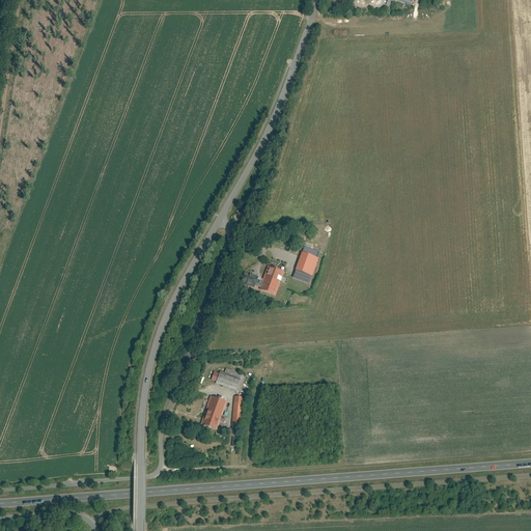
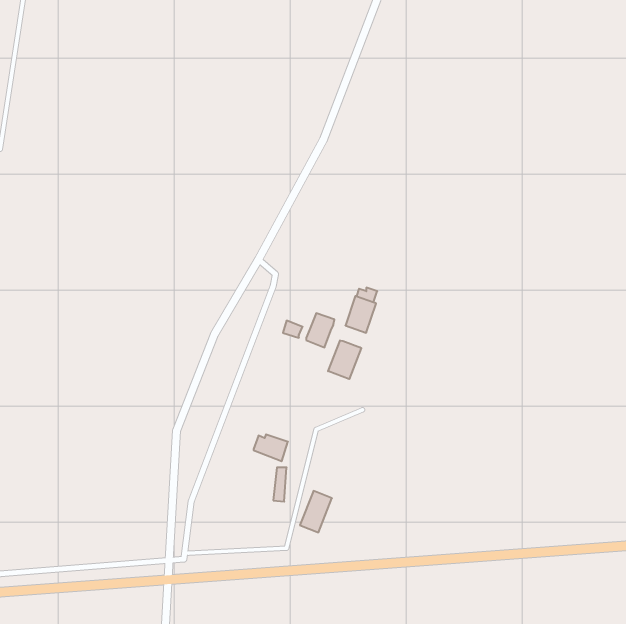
building: none -> [328,340,361,379]
building: [199,394,226,429] -> [300,491,332,532]

